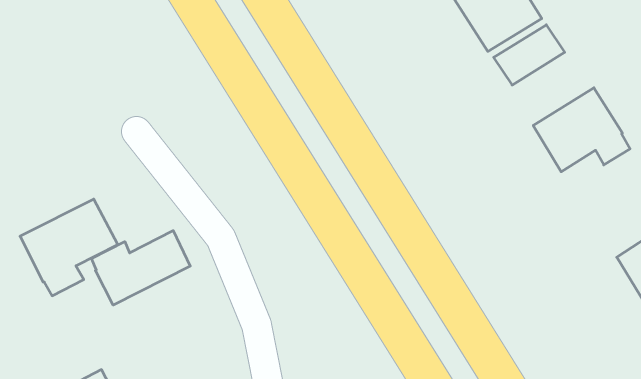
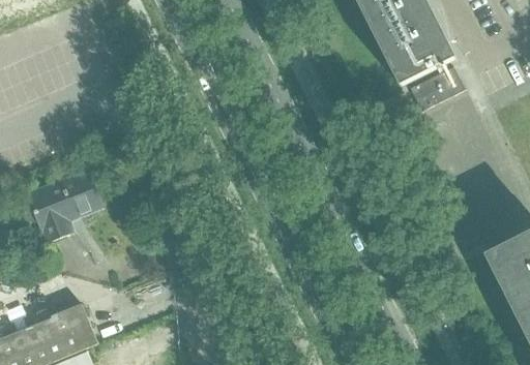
building: [533,88,630,172] -> none
building: [92,231,190,305] -> none

